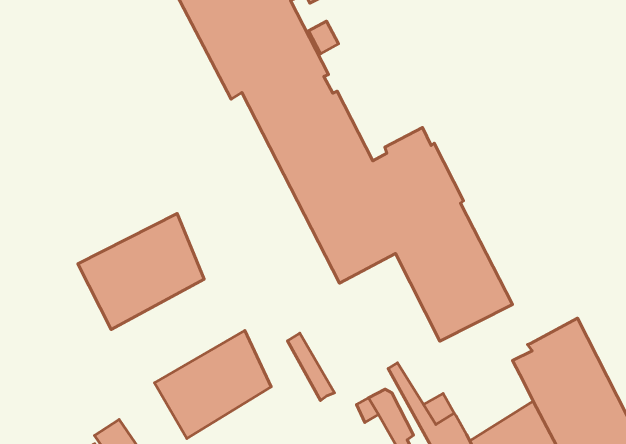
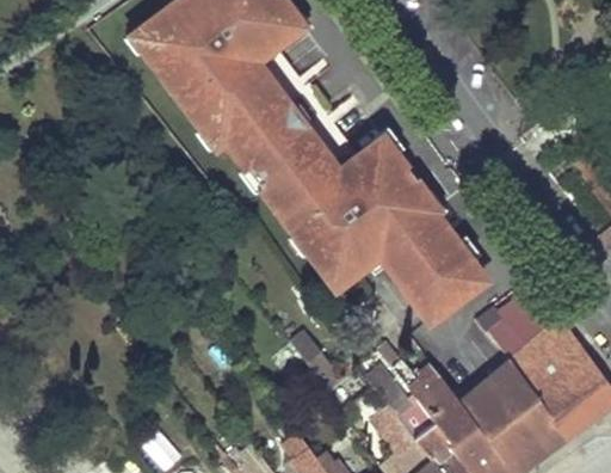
building: [78,214,204,329] -> none
building: [155,331,271,438] -> none

